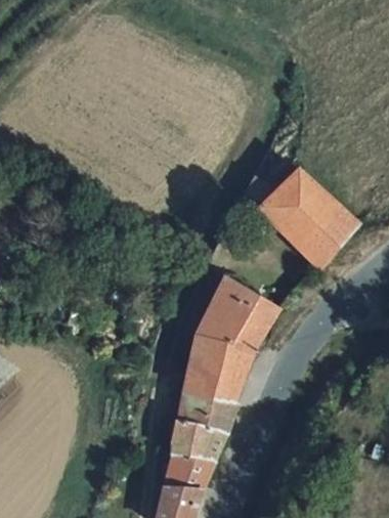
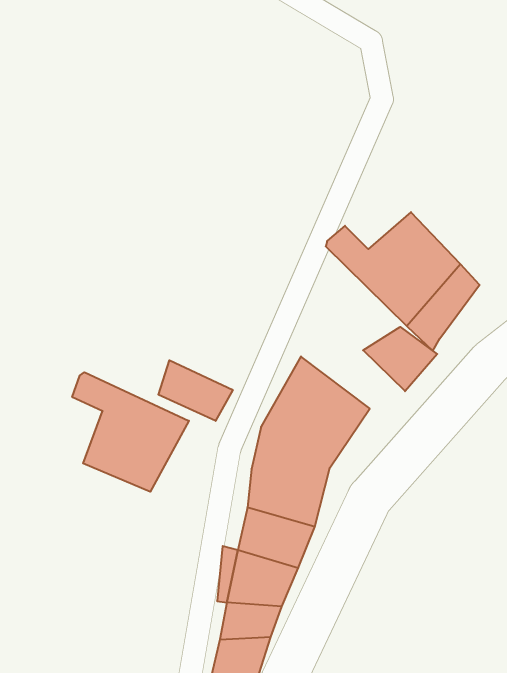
building: none -> [363,327,437,391]
building: none -> [158,360,233,421]
building: none -> [72,372,189,492]

